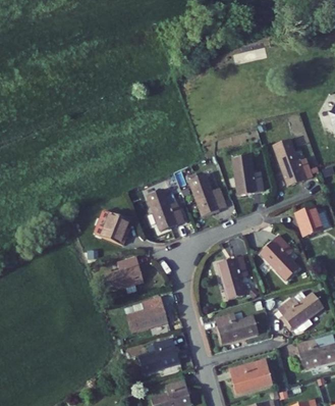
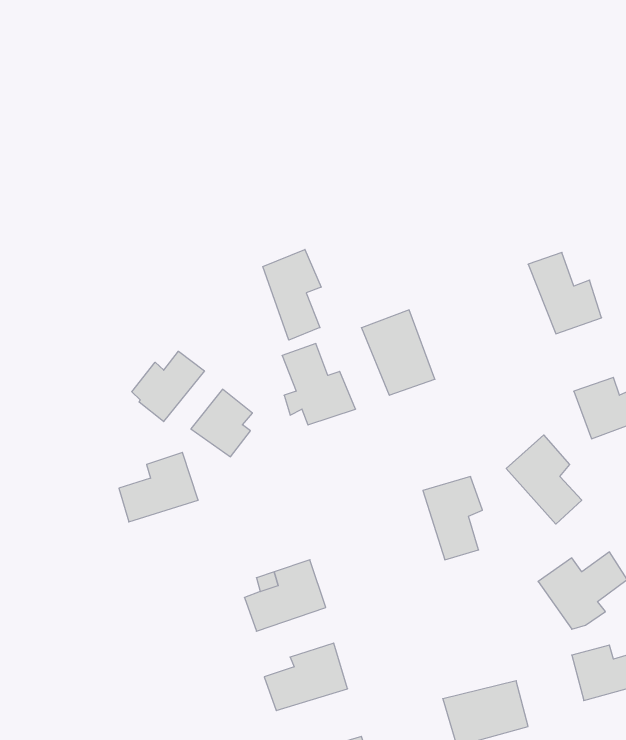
building: none -> [263,249,321,340]
building: [237,160,266,201] -> none
building: none -> [132,351,204,422]
building: [102,256,143,292] -> [119,452,198,522]
building: [214,311,258,342] -> none

